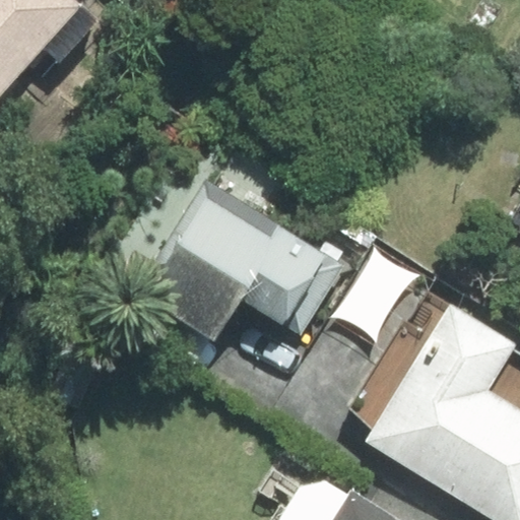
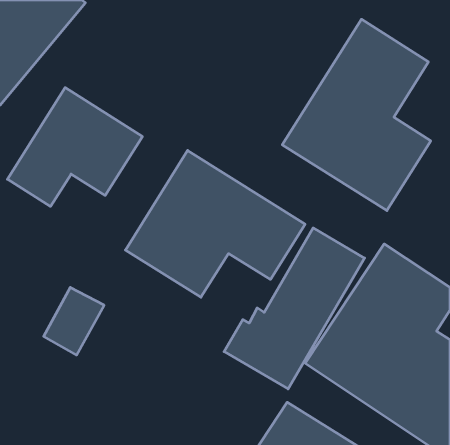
building: none -> [282,19,431,211]
building: none -> [7,88,142,206]

